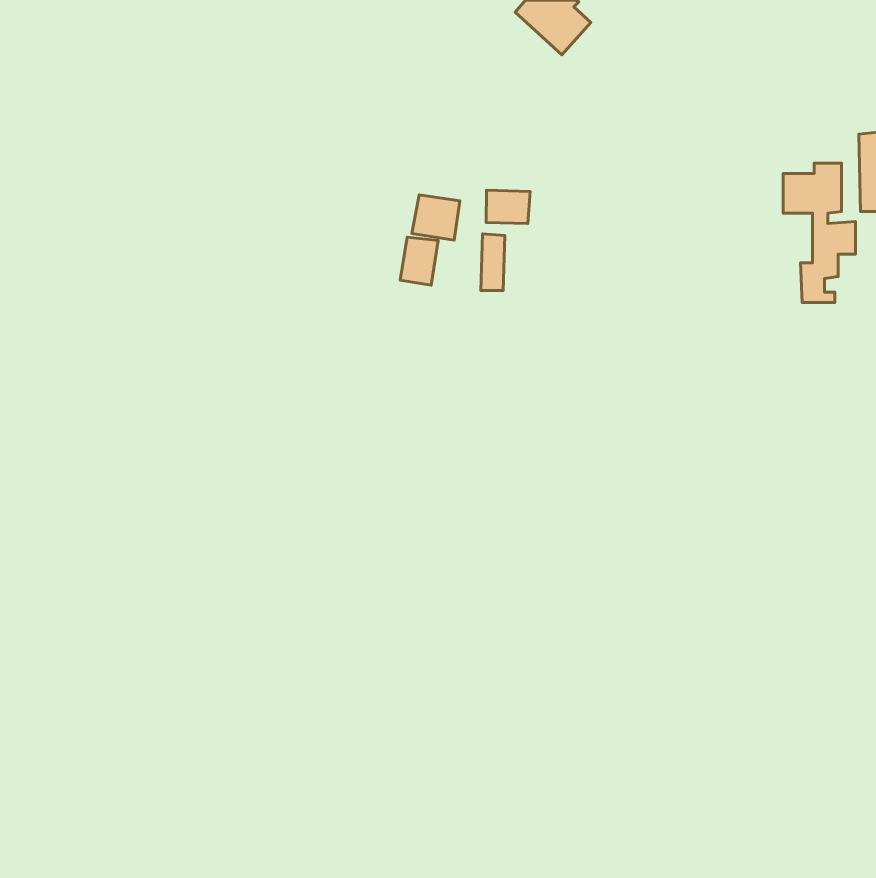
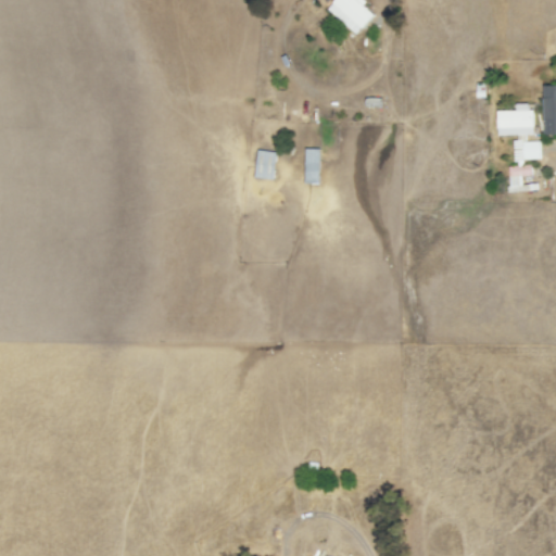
building: [486,190,530,223] -> none
building: [412,195,460,240] -> none

